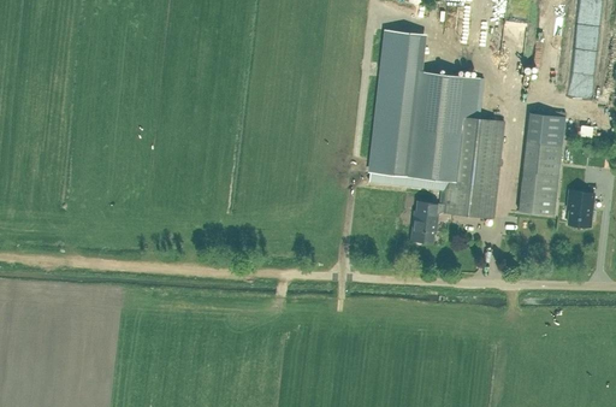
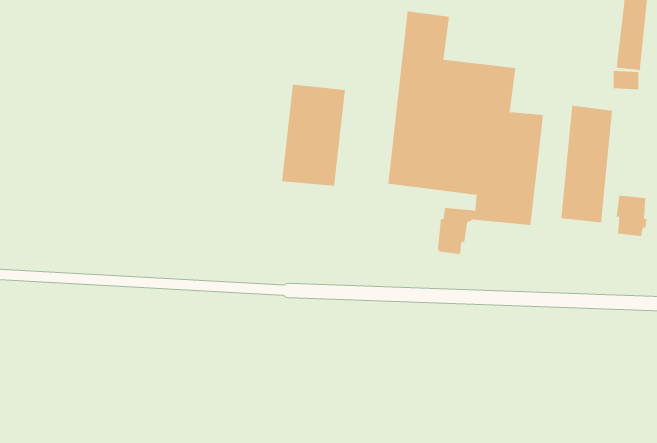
building: none -> [281,84,345,187]

